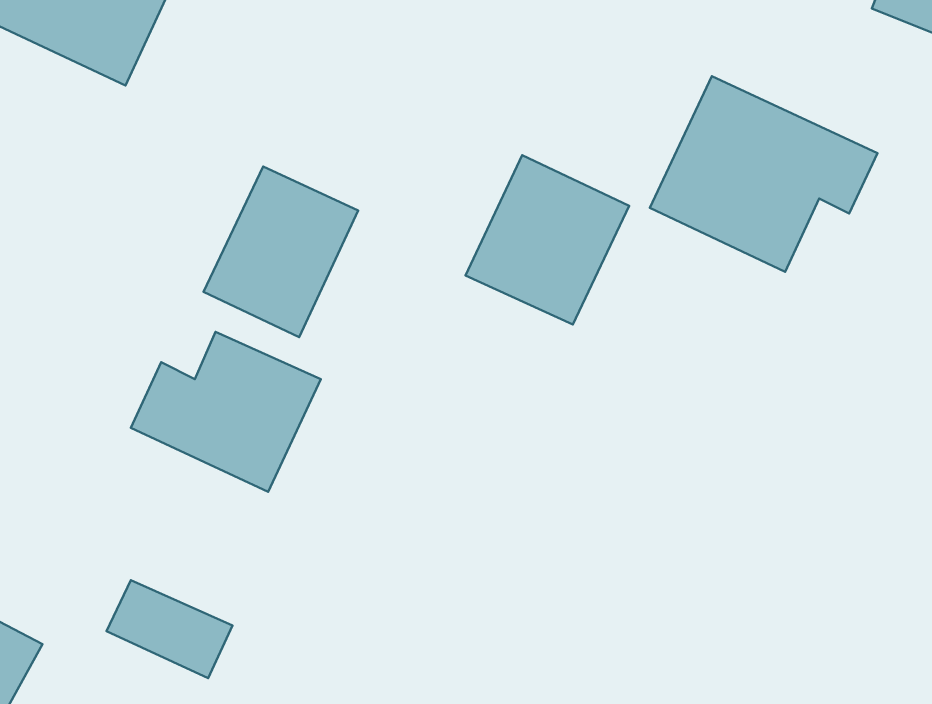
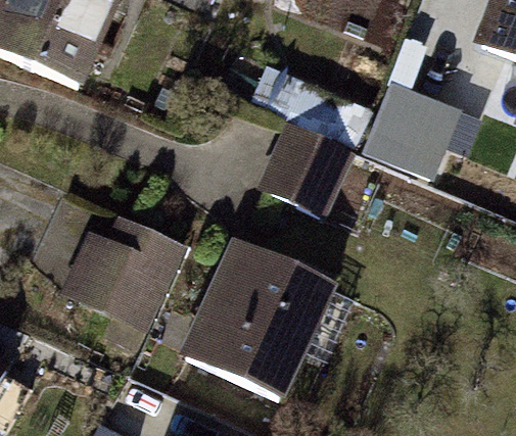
building: [203,167,358,337] -> none
building: none -> [184,242,328,395]

